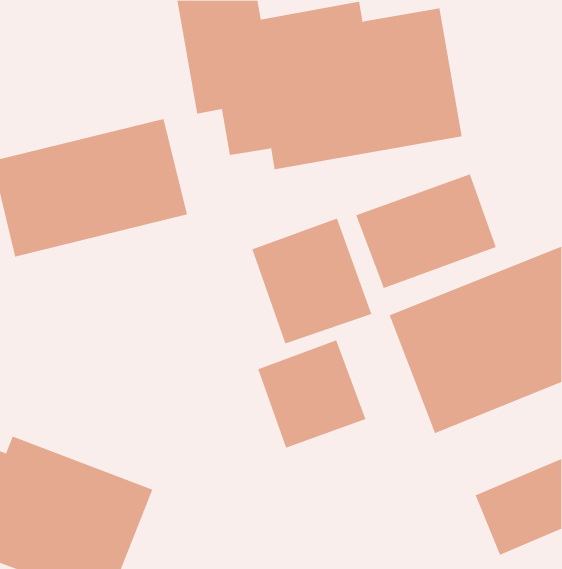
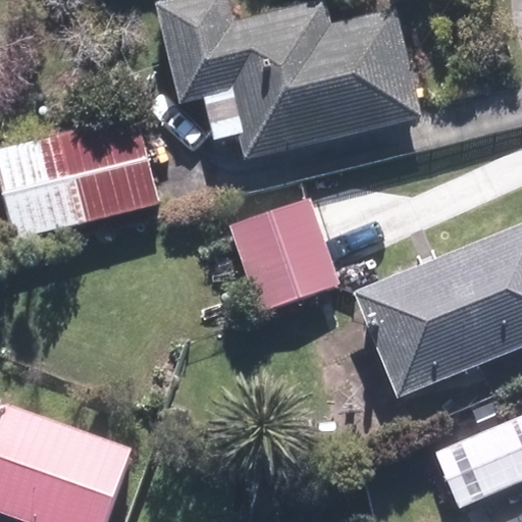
building: [355,173,497,289] -> none
building: [257,340,366,448] -> none

